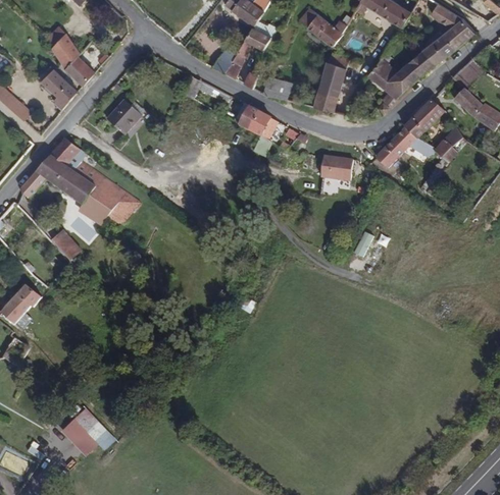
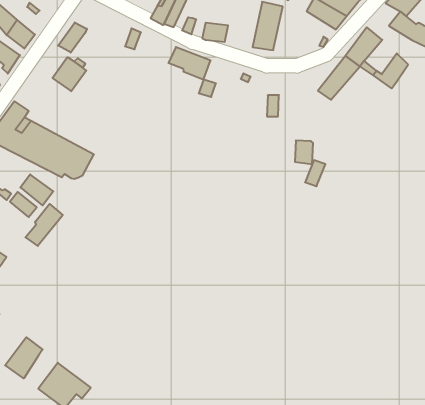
building: none -> [58,22,87,53]
building: [331,159,351,184] -> [295,141,313,164]
building: none -> [25,204,63,246]
building: none -> [5,337,43,378]

